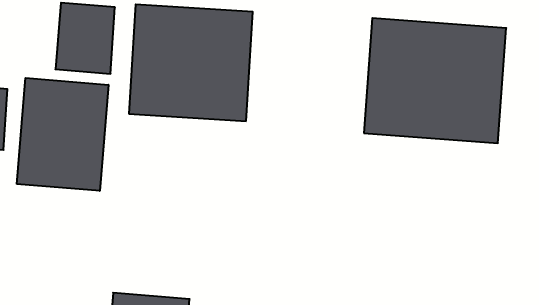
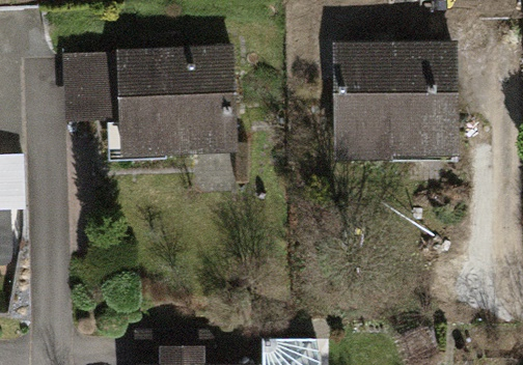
building: [17,78,108,191] -> none

